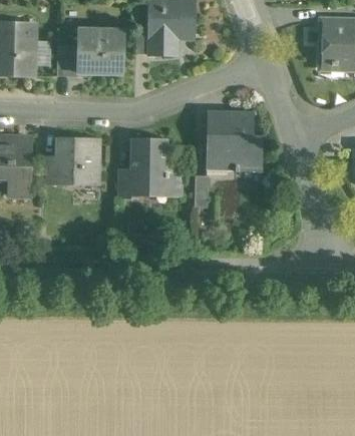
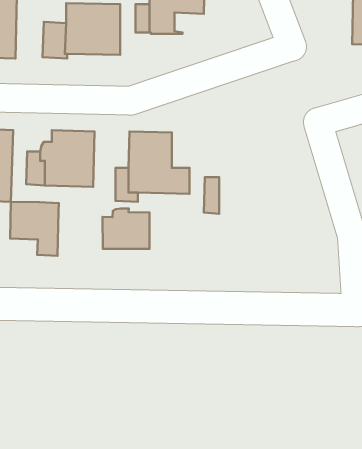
building: [207,112,261,171] -> none
building: none -> [10,202,59,256]
building: none -> [103,208,149,249]

